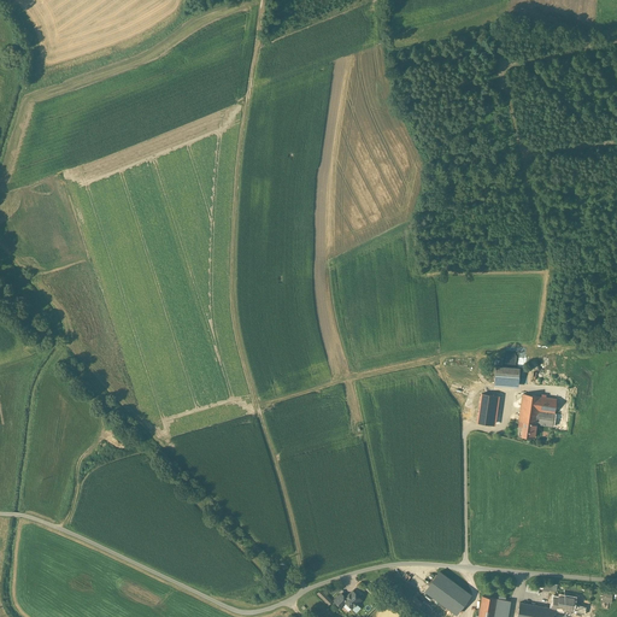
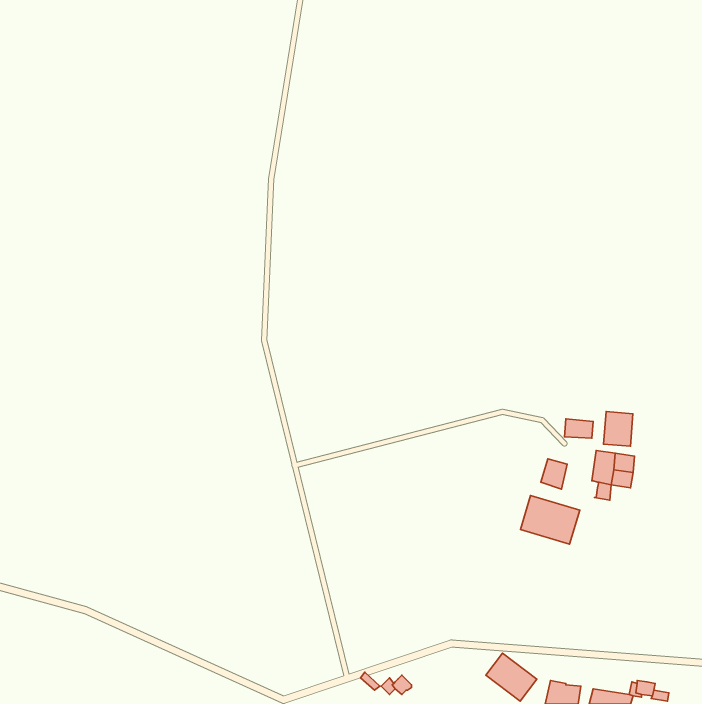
building: none -> [604,411,633,446]
building: none -> [520,496,580,544]

